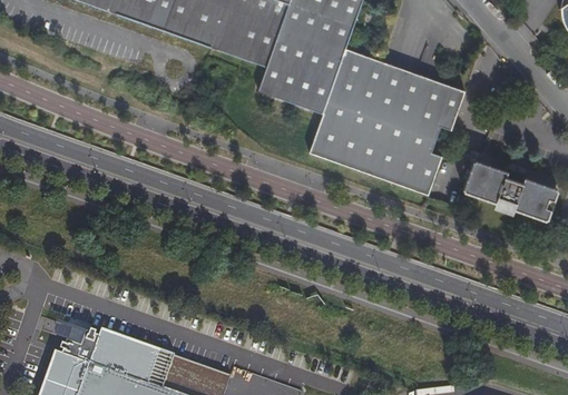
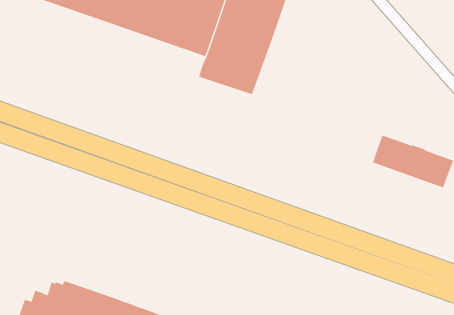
building: [307,48,463,195] -> none

